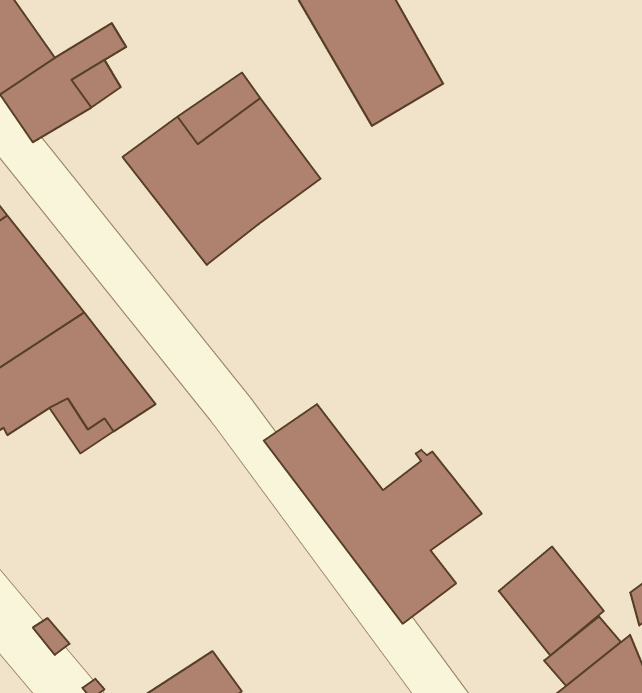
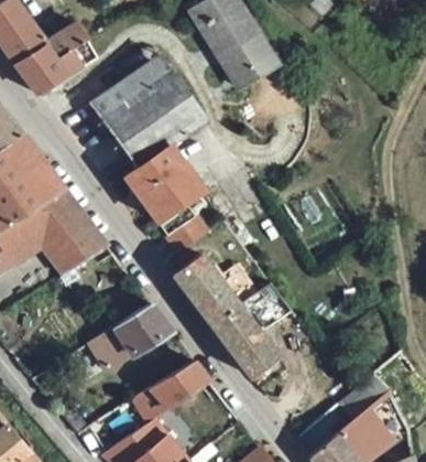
building: none -> [123,142,205,247]
building: none -> [95,308,173,365]
building: [499,547,604,655] -> none
building: none -> [151,364,211,416]

